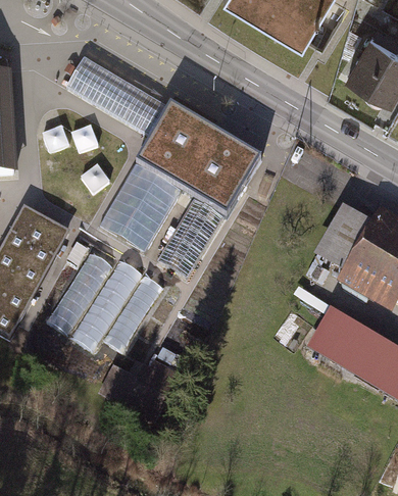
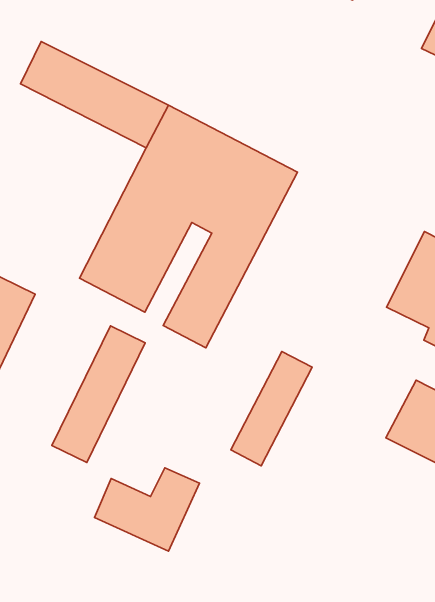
building: [54,250,109,335] -> none
building: [106,272,166,351] -> [231,351,312,466]

